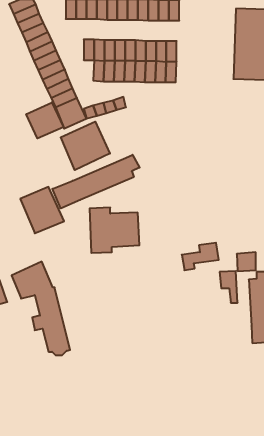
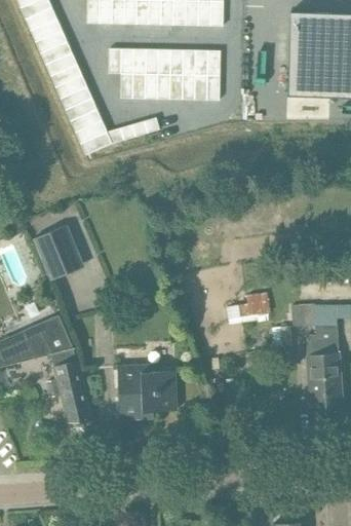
building: [26,102,64,138] -> none
building: [61,122,110,170] -> none
building: [52,155,140,208] -> none
building: [90,208,139,253] -> [117,365,177,419]

